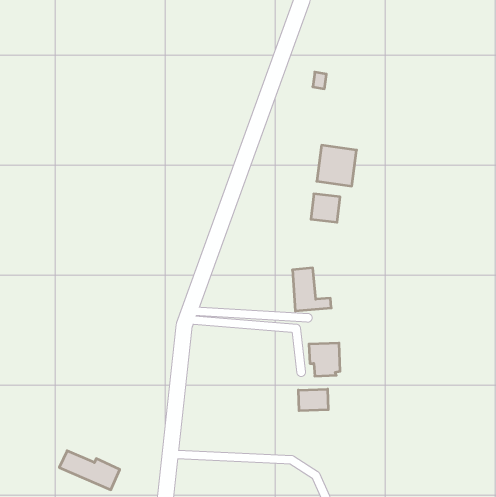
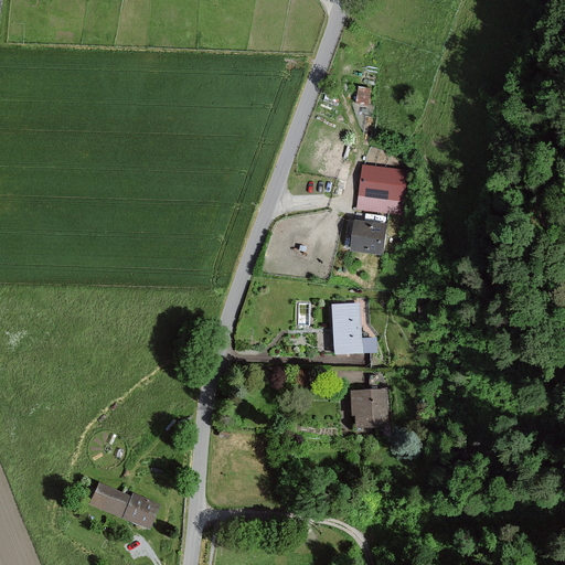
building: [298,389,328,411] -> none
building: [59,451,120,490] -> [89,483,158,527]

